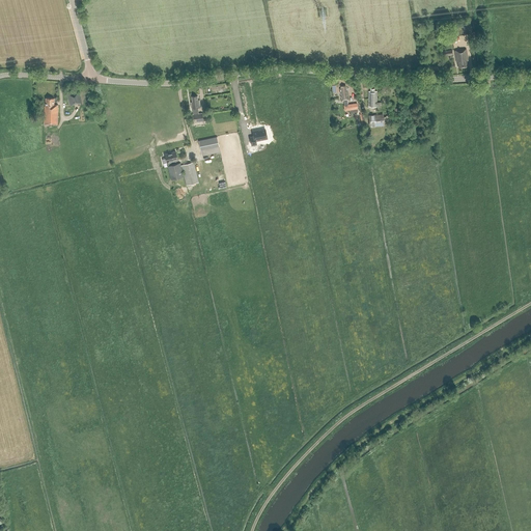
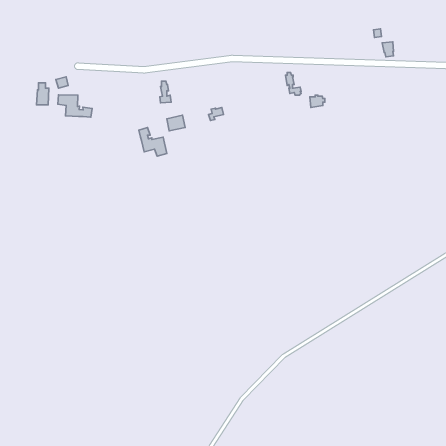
building: none -> [58,95,92,117]

